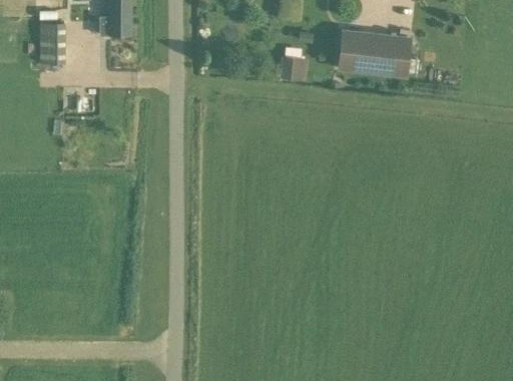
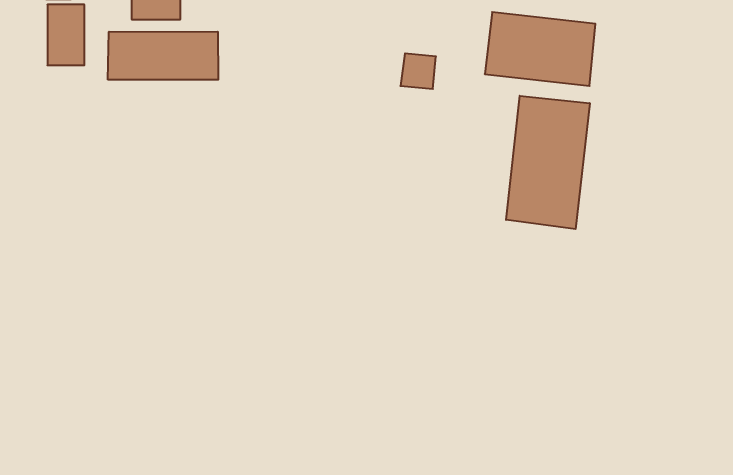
building: none -> [108,32,218,80]
building: none -> [506,96,590,229]

